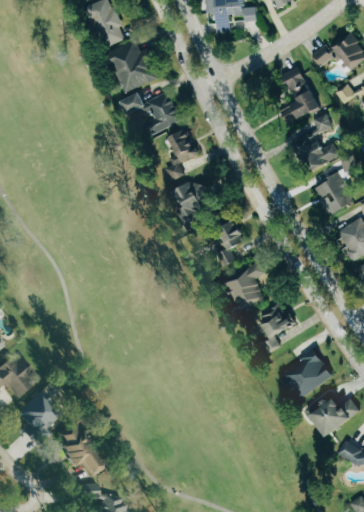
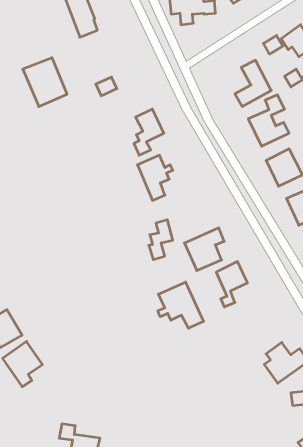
building: [106,38,156,93] -> [23,58,67,107]
building: [143,91,181,135] -> none
building: [216,221,243,266] -> [149,220,173,260]
building: none -> [158,282,204,328]
building: [281,349,332,399] -> none
building: [57,424,106,478] -> none

